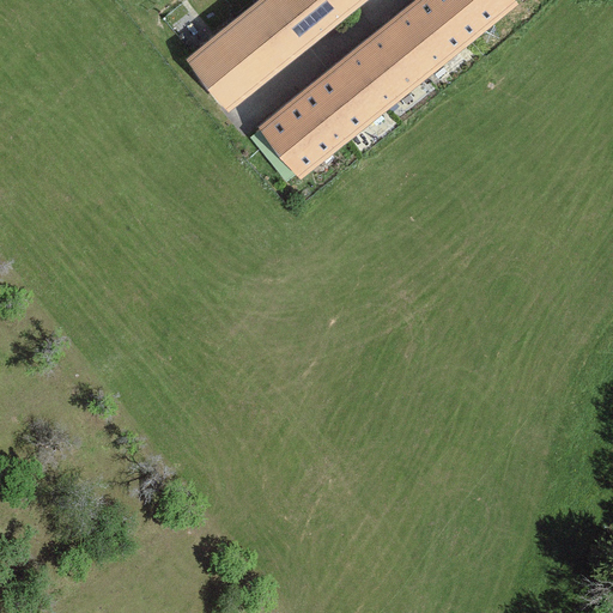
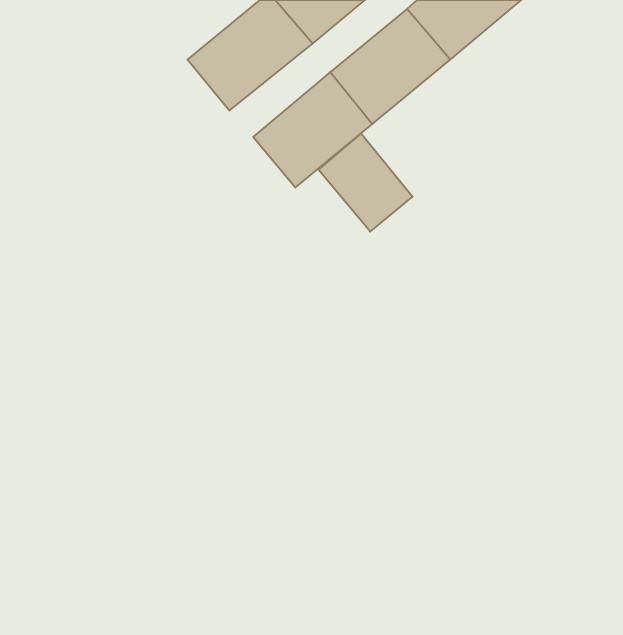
building: none -> [318,134,413,232]

